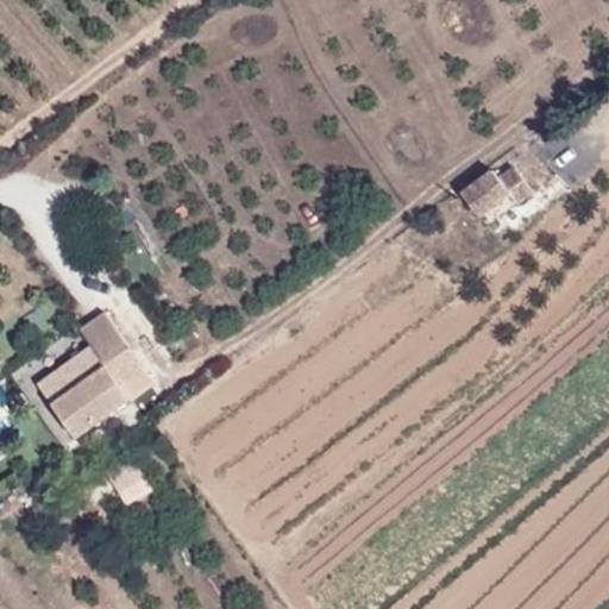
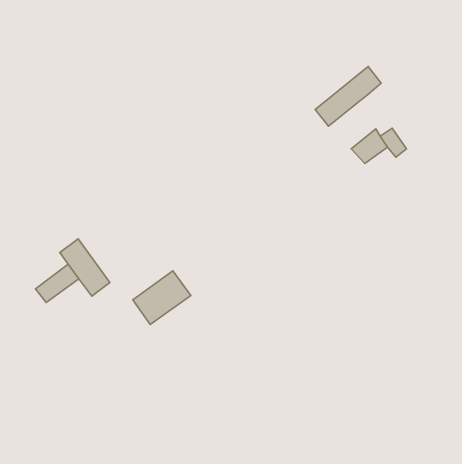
building: none -> [315,66,381,126]
building: [51,365,127,435] -> [133,271,191,324]

